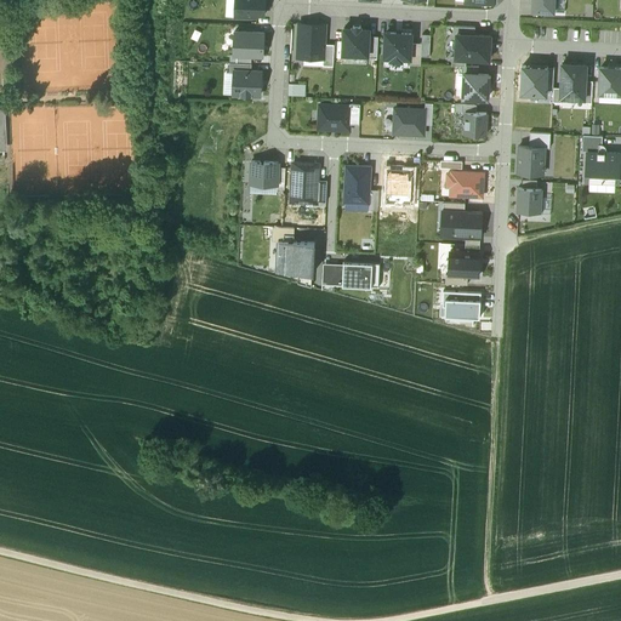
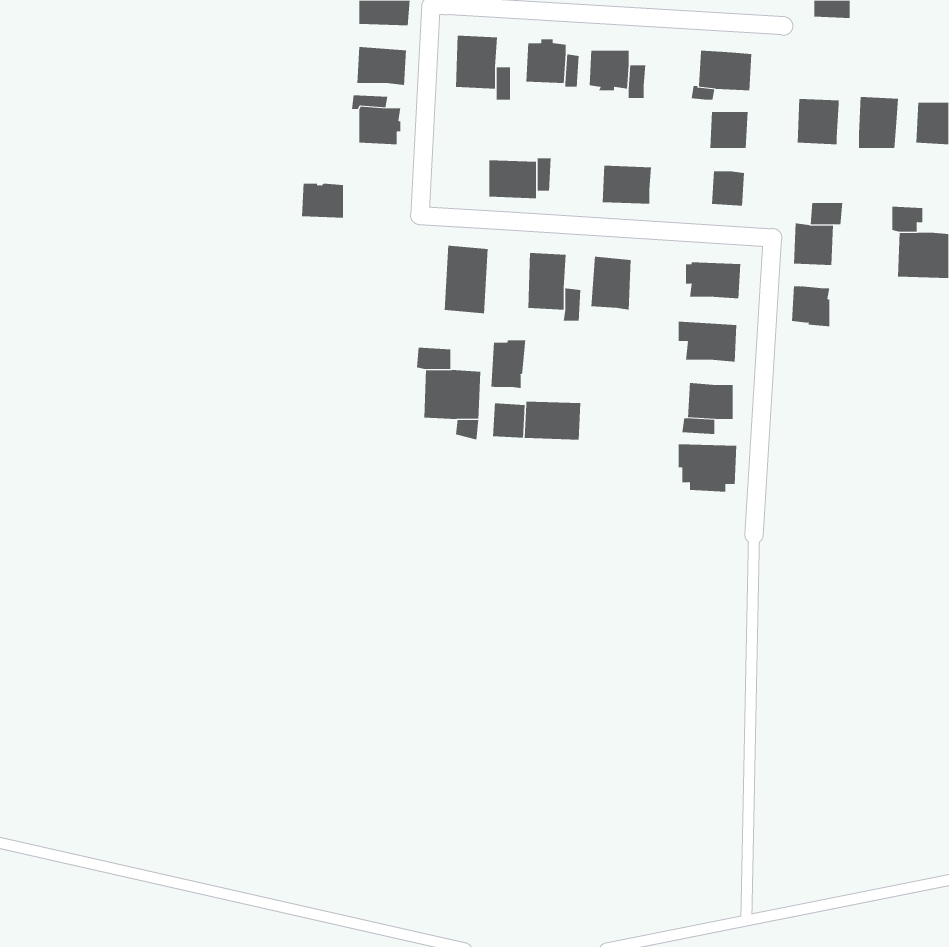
building: [250,161,278,184] -> [301,183,344,218]
building: none -> [491,339,526,389]

